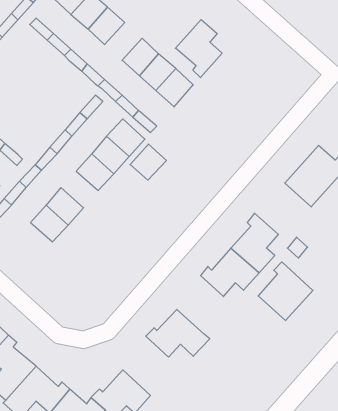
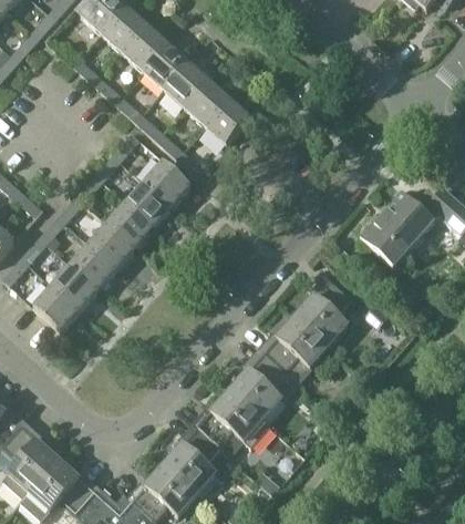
building: [175,20,222,78] -> none
building: none -> [142,43,187,89]
building: [130,144,166,180] -> none
building: none -> [89,223,134,267]
building: none -> [33,285,79,330]
building: [258,262,313,321] -> [229,349,296,420]
building: none -> [164,422,219,494]

